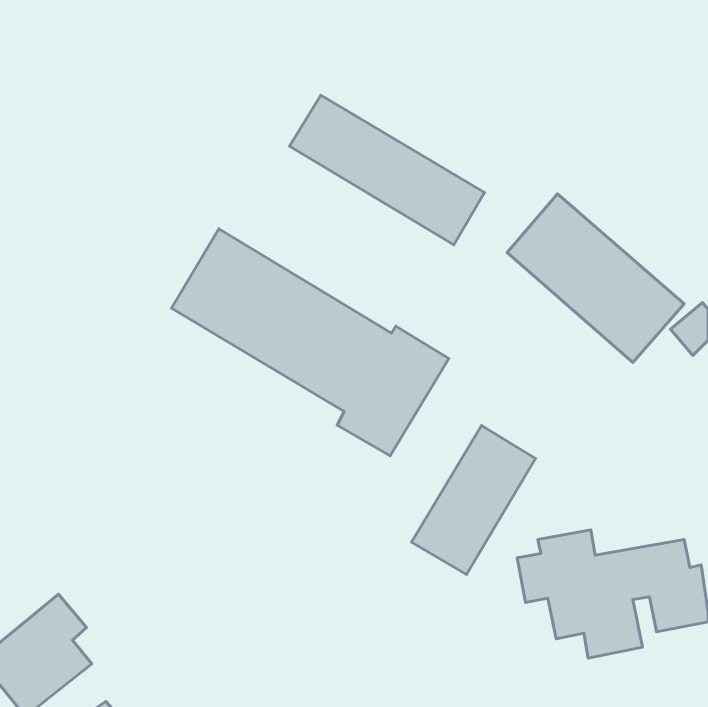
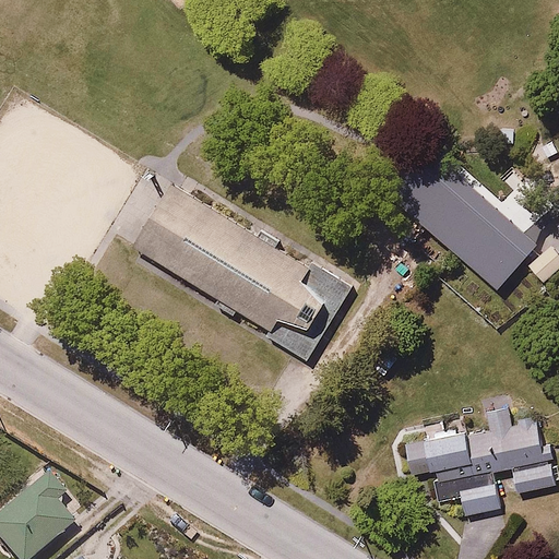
building: [289,95,484,245] -> none
building: [411,426,535,575] -> none

